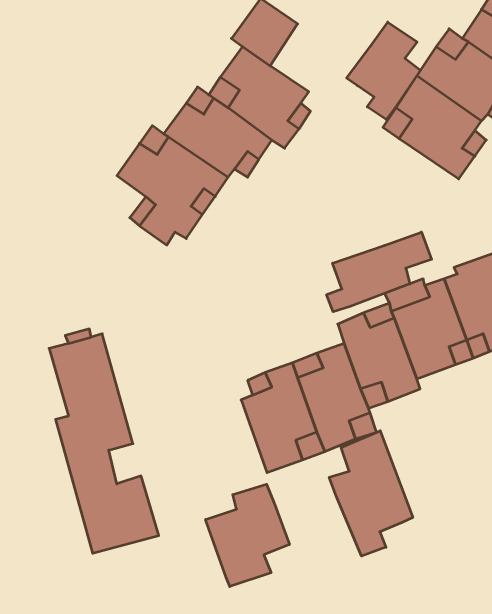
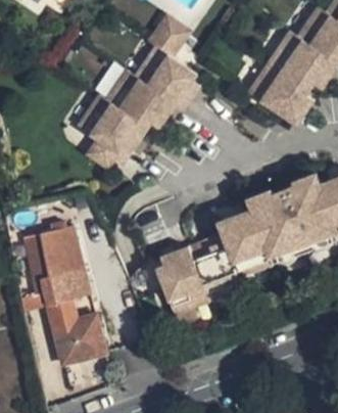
building: [347,22,421,119] -> none
building: [327,232,432,312] -> none
building: [329,431,413,556] -> none
building: [206,484,289,587] -> none

